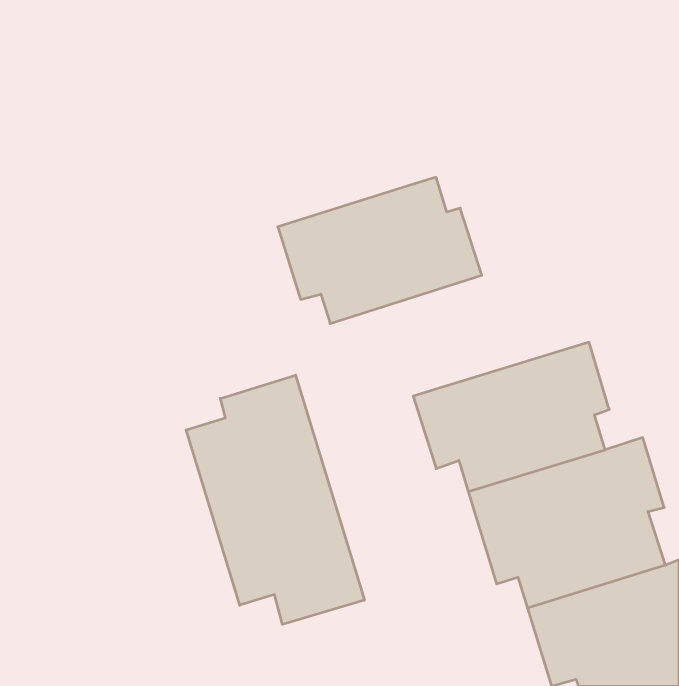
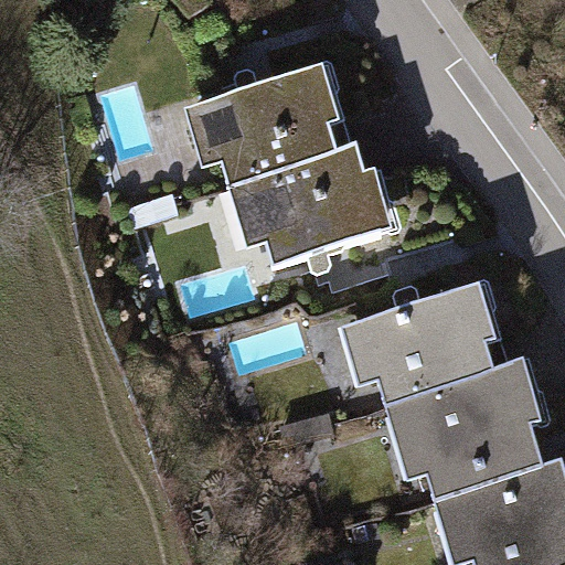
building: none -> [182,61,347,186]
building: [186,375,364,624] -> none

